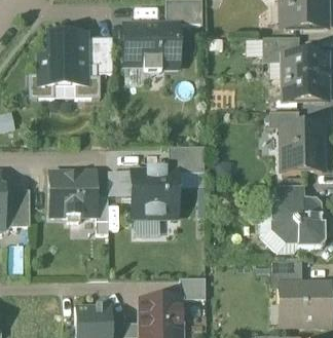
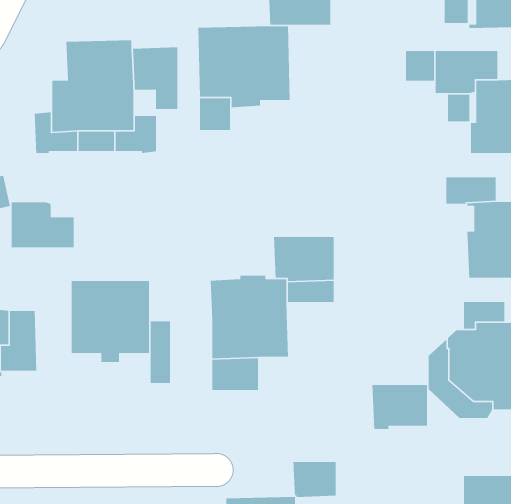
building: none -> [11,202,75,248]
building: [107,172,132,195] -> none
building: [268,261,301,288] -> [372,384,428,430]

